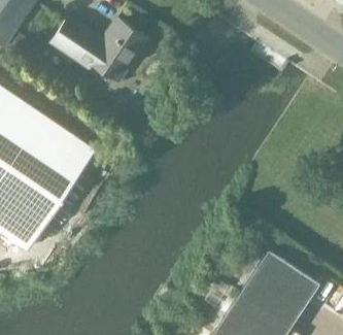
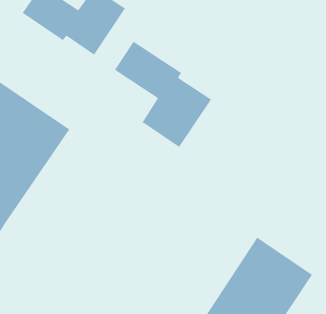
building: none -> [114,41,212,148]

